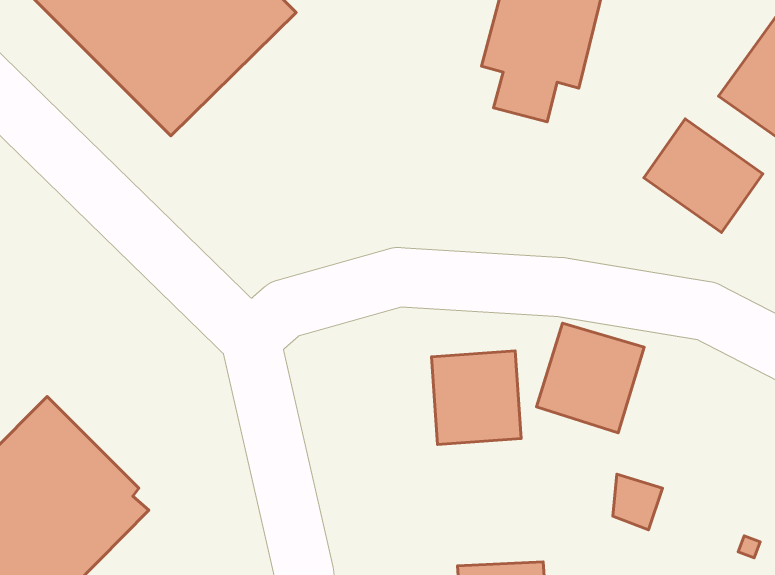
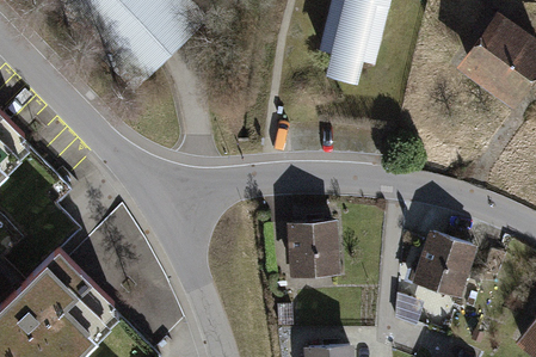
building: [644,119,763,233] -> none
building: [537,323,644,433] -> [414,230,479,296]

